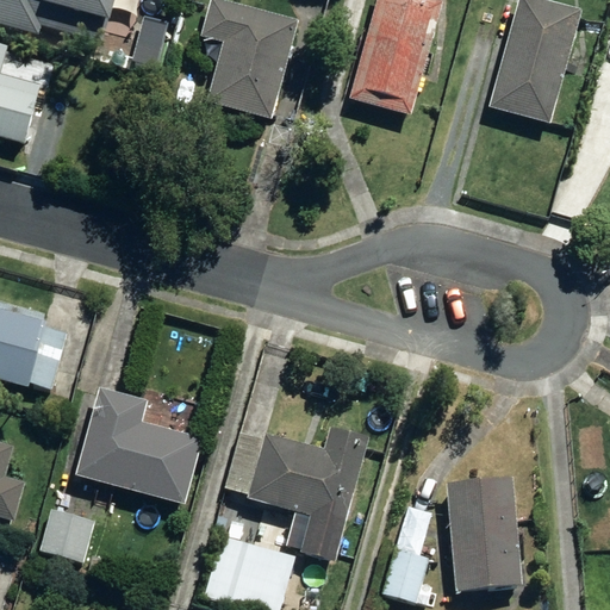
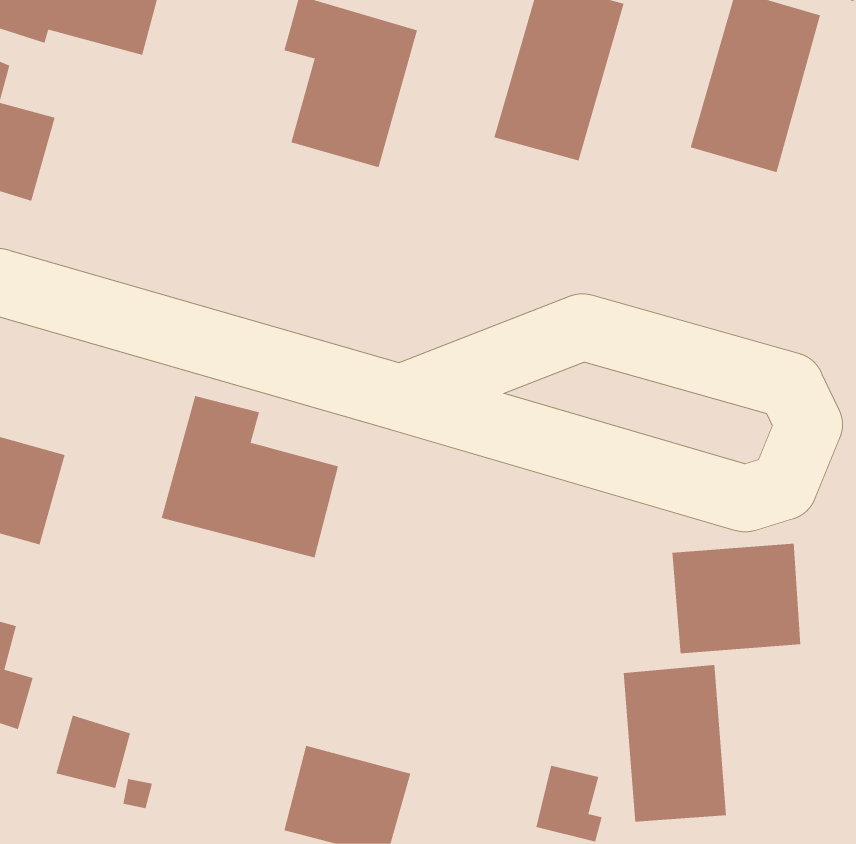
building: none -> [672,543,801,654]
building: [76,388,203,504] -> [161,396,339,558]
building: [242,422,365,554] -> none

